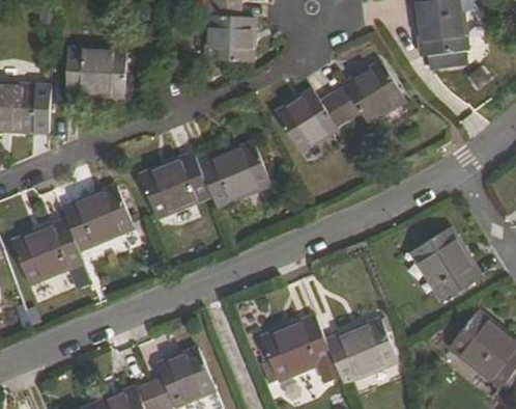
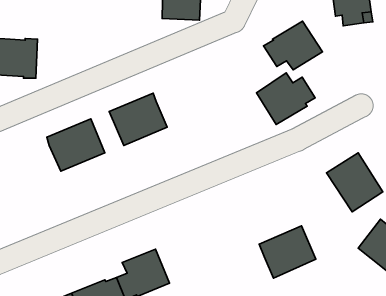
building: [66,48,125,97] -> none
building: [275,88,348,153] -> [256,73,315,124]
building: [198,140,271,207] -> none
building: [11,218,83,284] -> none
building: [261,316,333,381] -> none

